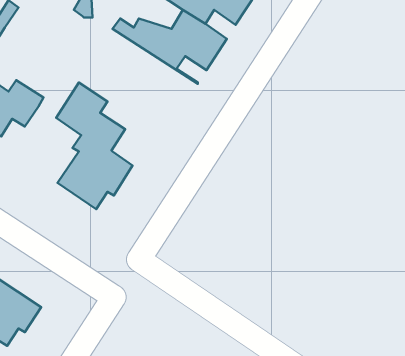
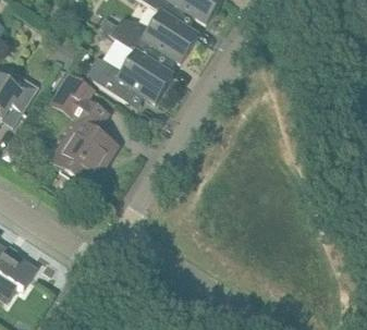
building: none -> [87,26,174,101]

